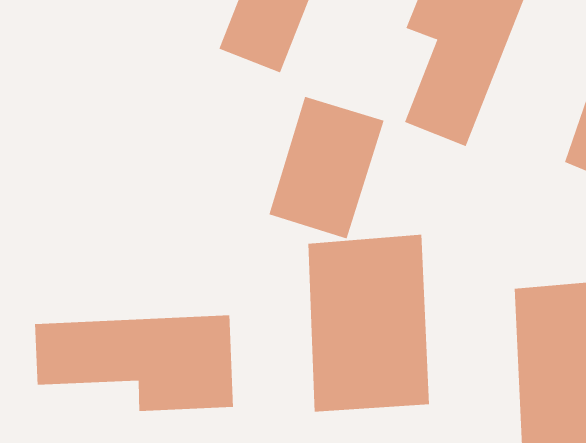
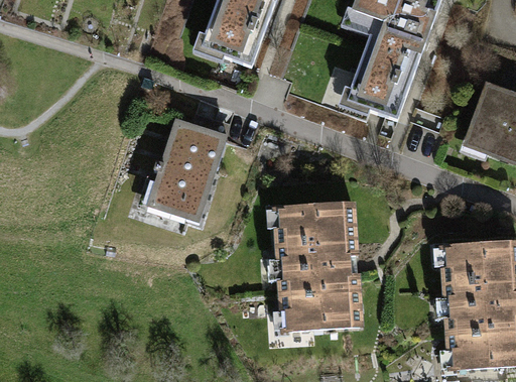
building: [268,96,385,239] -> [133,115,224,227]
building: [34,315,233,412] -> none

